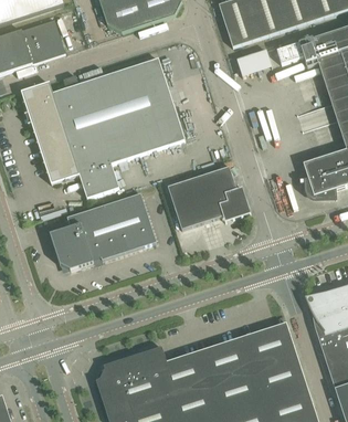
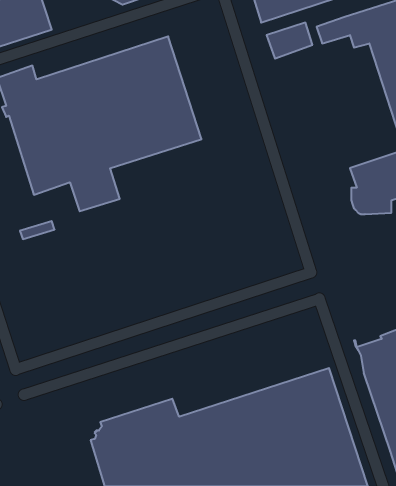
building: [169,166,252,229] -> none
building: [51,192,158,270] -> none

